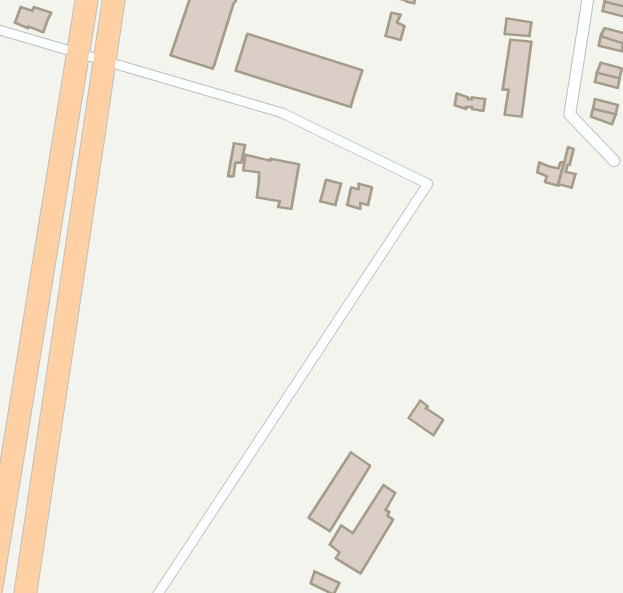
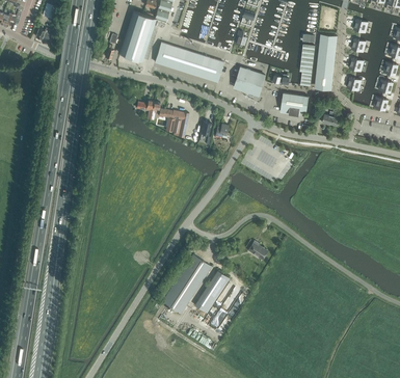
building: none -> [316,34,337,87]
building: none -> [234,68,265,96]
building: none -> [281,93,309,115]
building: none -> [170,255,212,302]

